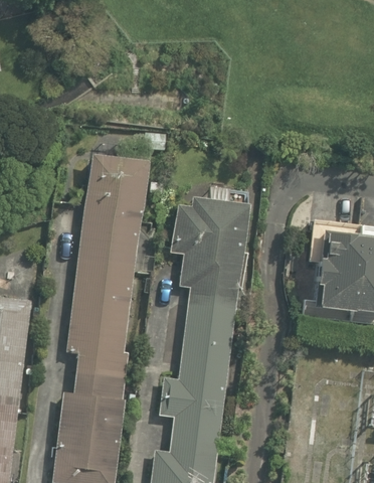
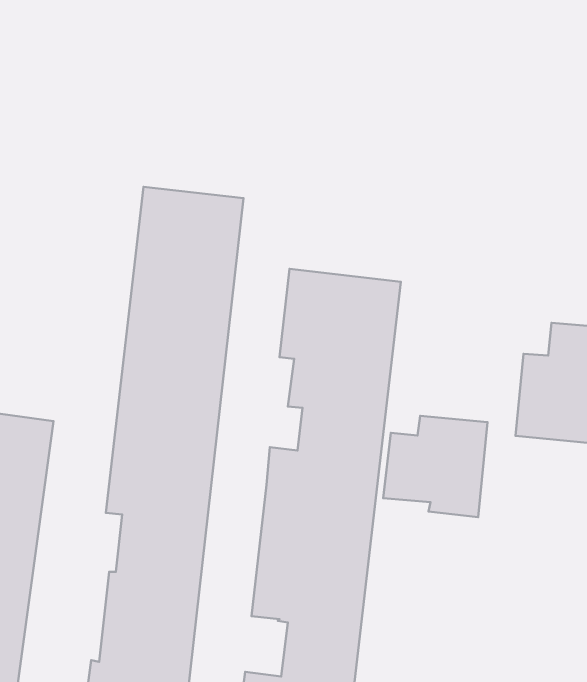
building: none -> [383,416,488,517]

